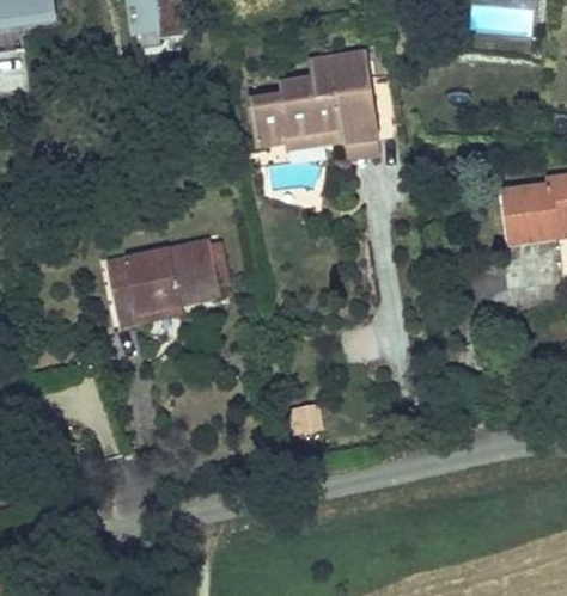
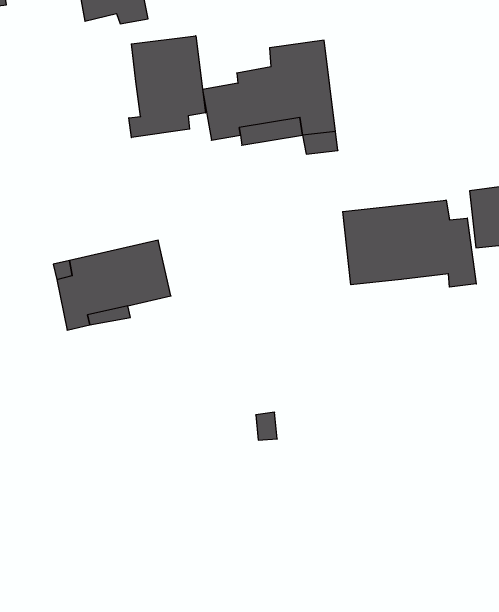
building: none -> [129,36,205,138]
building: none -> [343,200,476,287]

